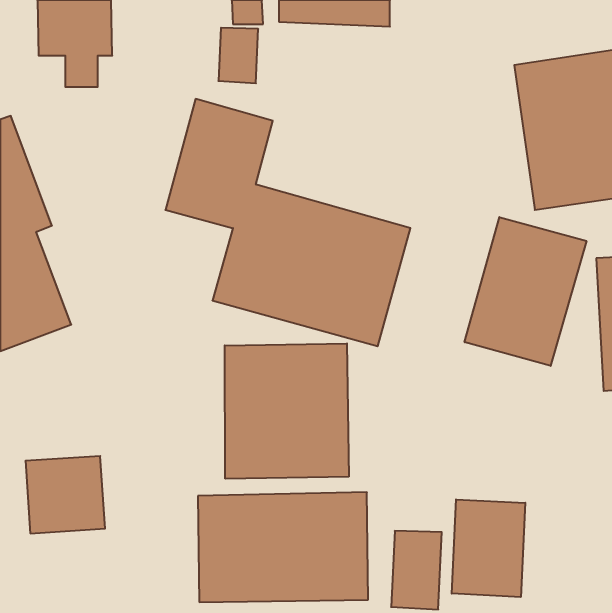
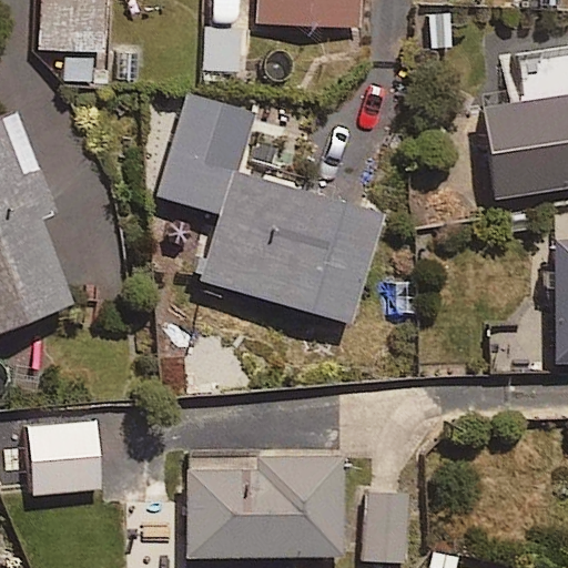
building: [465,217,586,366] -> none
building: [225,343,349,479] -> none
building: [452,499,525,597] -> none

